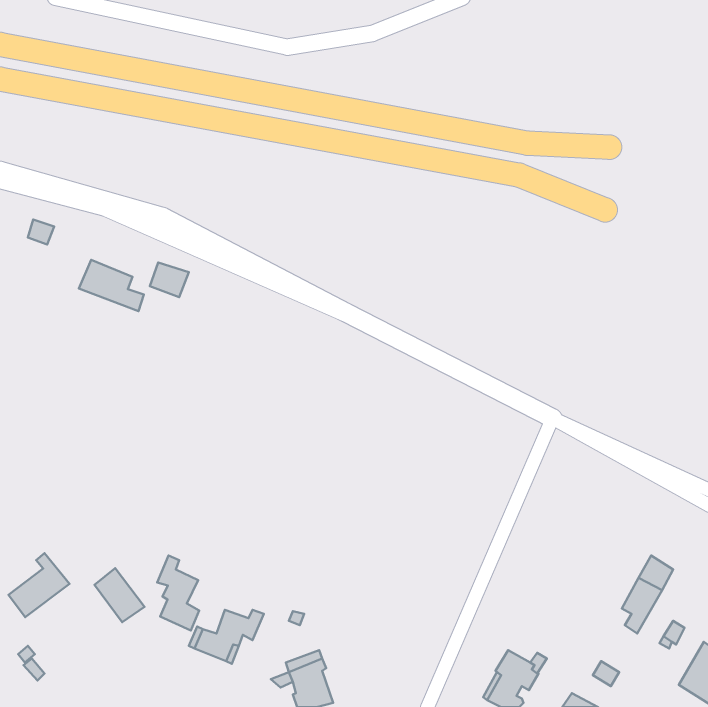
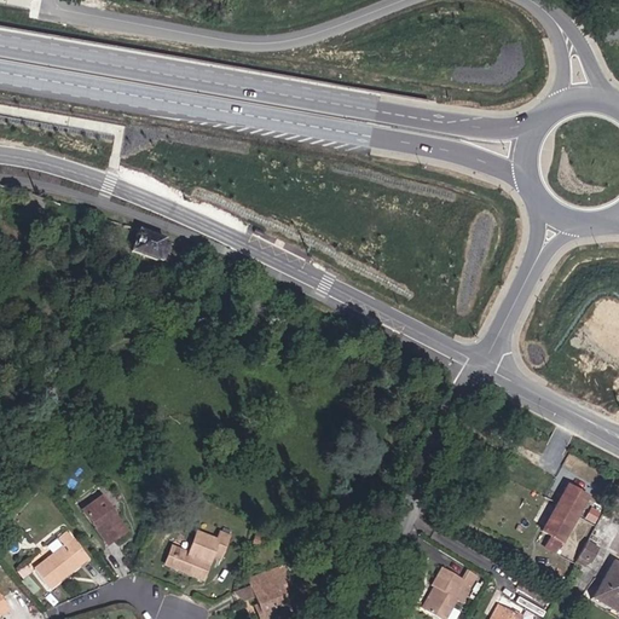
building: [79,260,144,311] -> none
building: [8,553,69,617] -> [35,531,88,586]
building: [157,555,199,630] -> none

